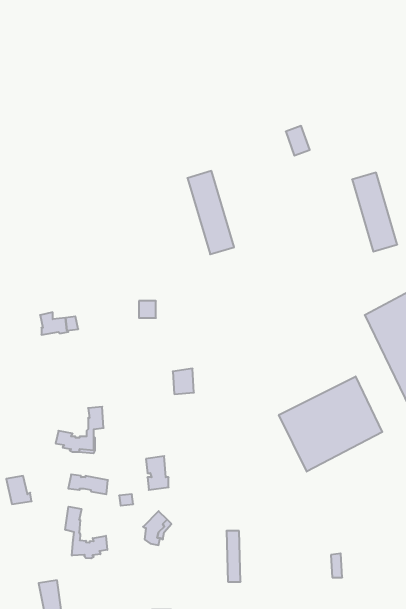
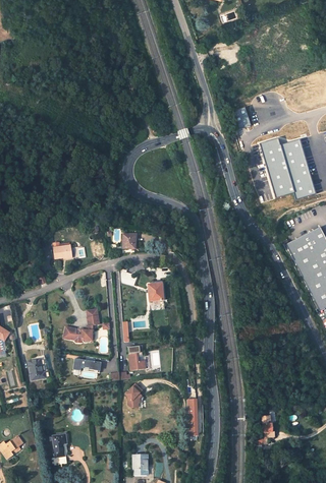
building: [187,171,234,254] -> [258,138,291,198]
building: [279,376,382,472] -> none
building: [65,507,107,558] -> none

